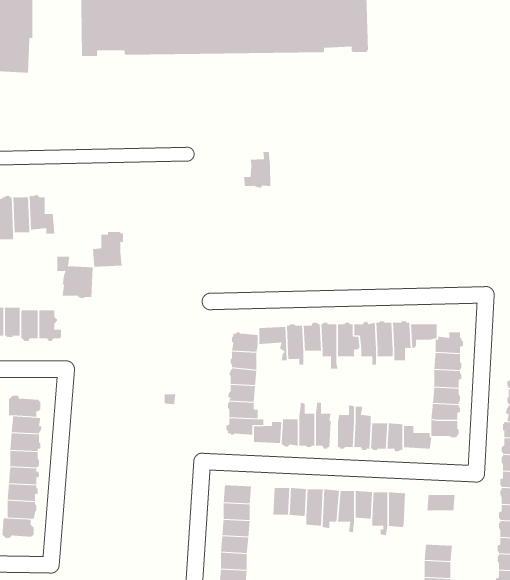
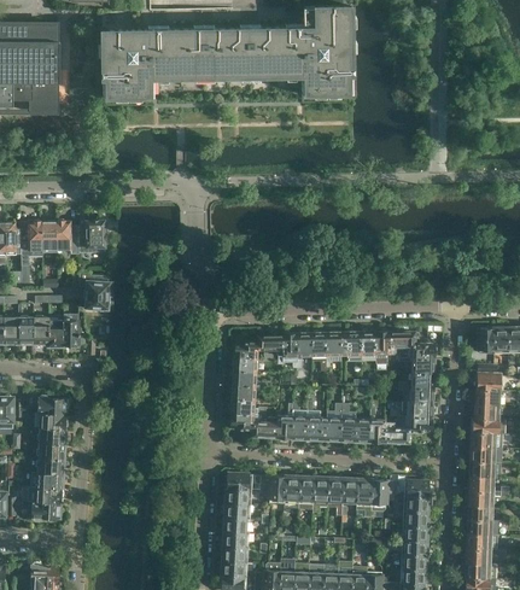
building: [244,151,271,188] -> none
building: [92,231,124,267] -> [78,221,106,252]
building: none -> [403,496,428,526]

